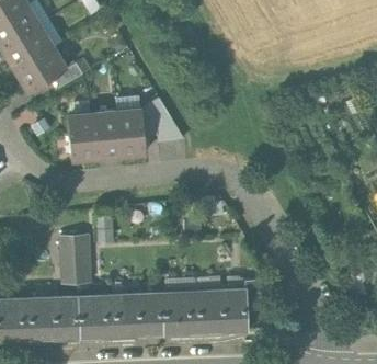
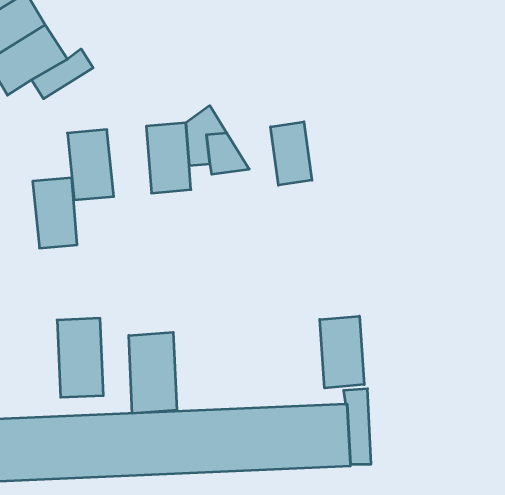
building: none -> [271,122,312,185]
building: [92,112,121,157] -> [33,178,77,248]
building: none -> [320,316,364,388]
building: none -> [129,332,177,413]

